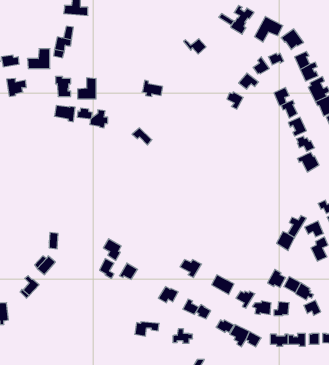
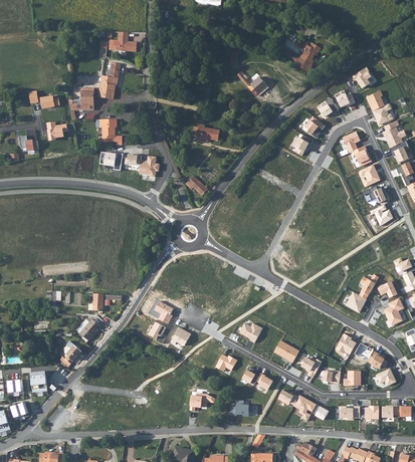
building: [255,16,283,42] -> none
building: [78,78,96,99] -> none

